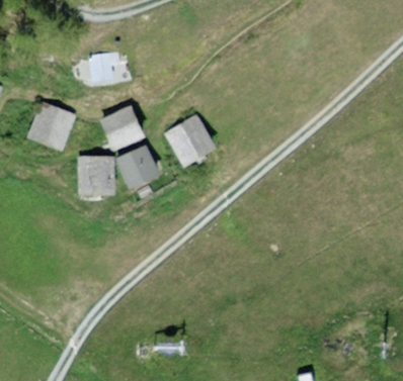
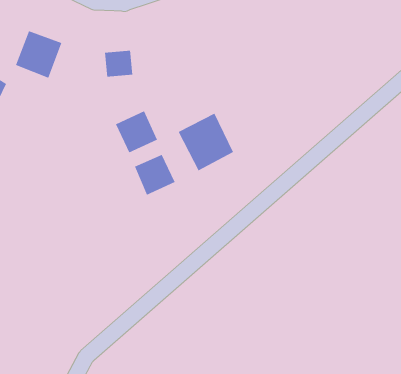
building: [26,102,69,146] -> [15,30,62,78]
building: [84,161,114,194] -> none

